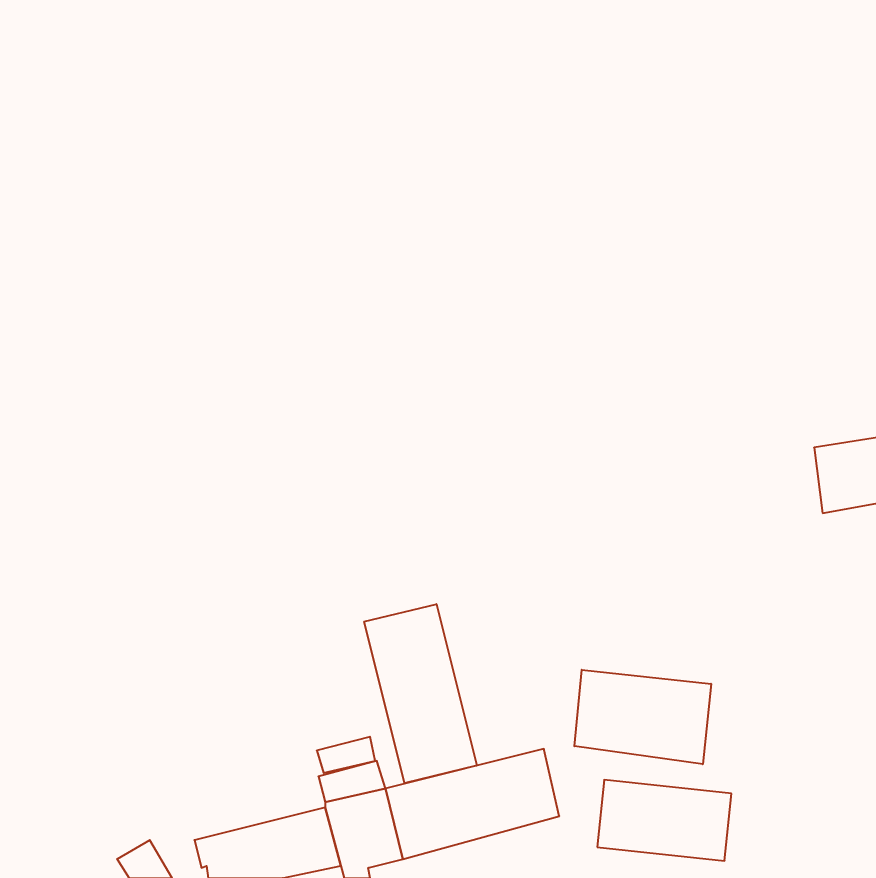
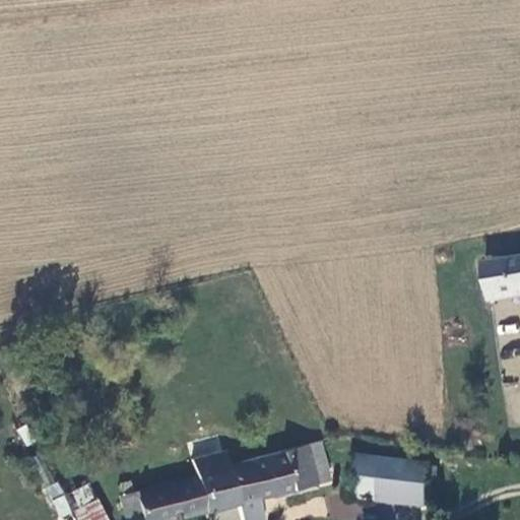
building: [364,604,477,783] -> none
building: [574,670,711,764] -> none

